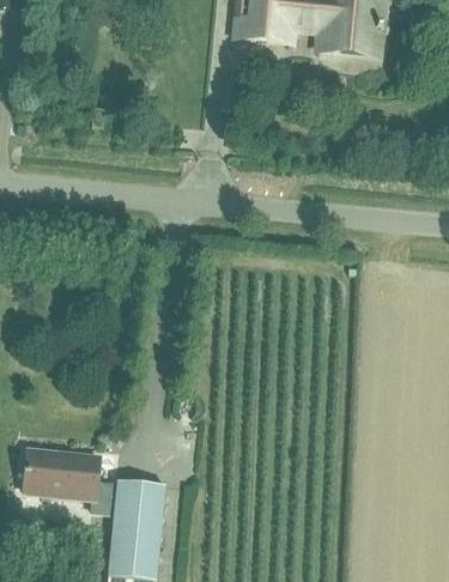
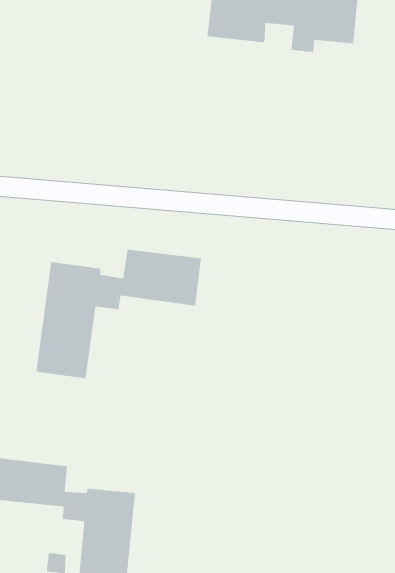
building: none -> [35,249,202,379]

